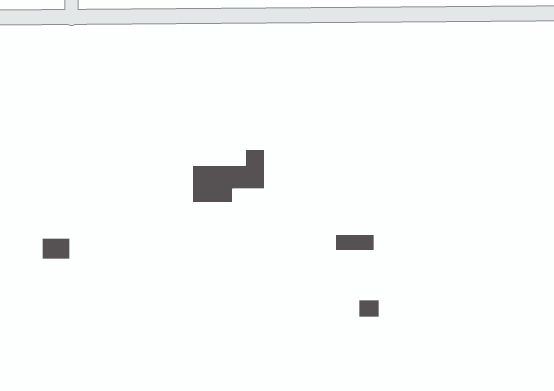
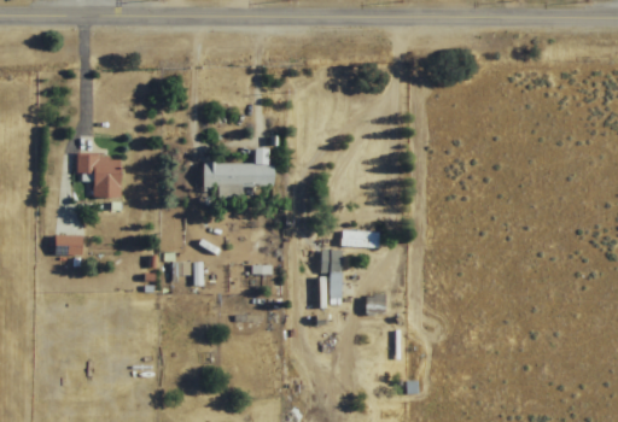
building: none -> [78,153,121,197]
building: none -> [319,265,340,305]

